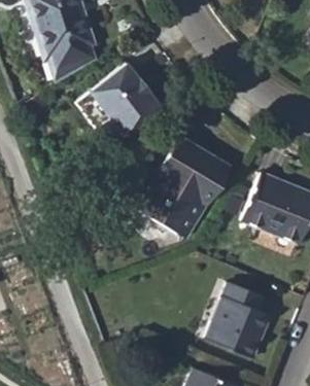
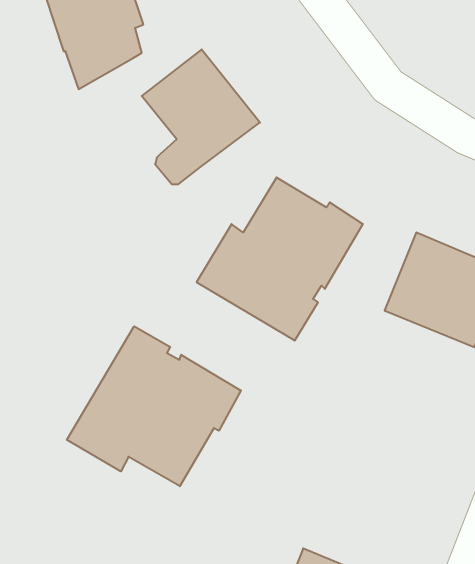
building: none -> [67,326,241,486]
building: [204,280,270,357] -> none

